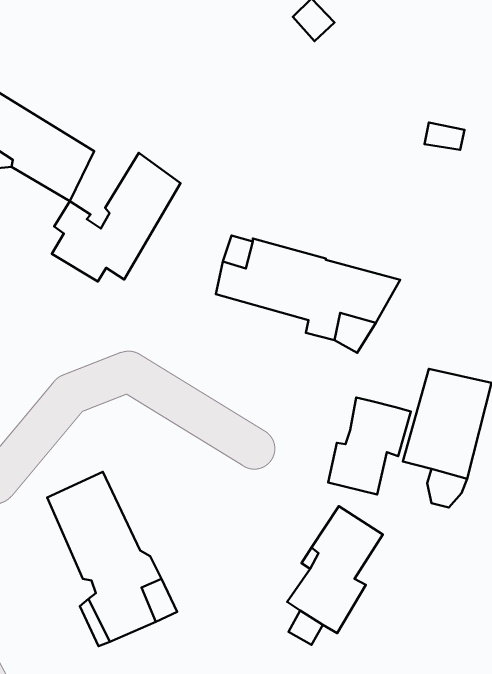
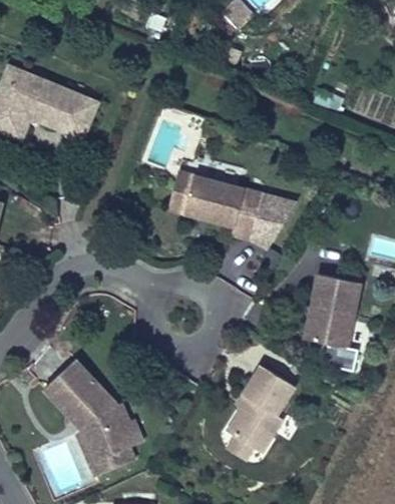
building: [52,153,180,282] -> none
building: [328,398,411,494] -> none

